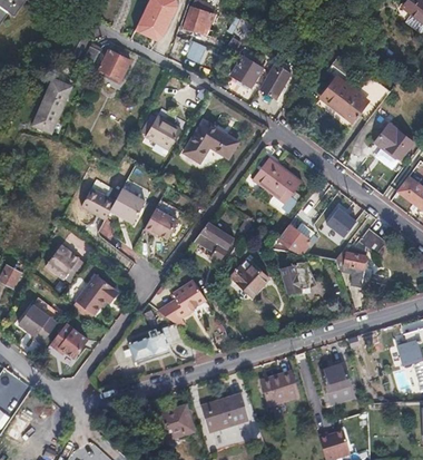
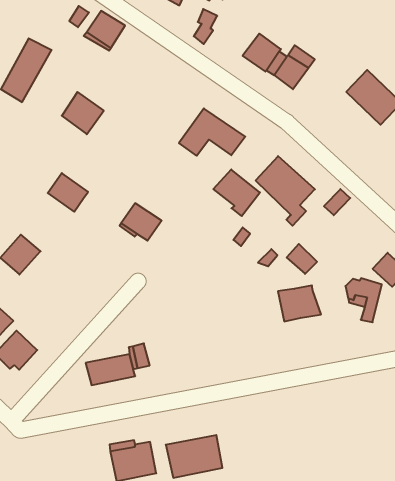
building: [145,115,179,149] -> [62,92,104,134]
building: [110,185,146,219] -> none
building: [325,206,355,235] -> none
building: [195,221,234,258] -> [213,169,260,216]
building: [228,262,268,295] -> none
building: [75,271,117,312] -> none
building: [169,278,206,319] -> none
building: [319,364,350,395] -> none
building: [259,371,297,404] -> none

